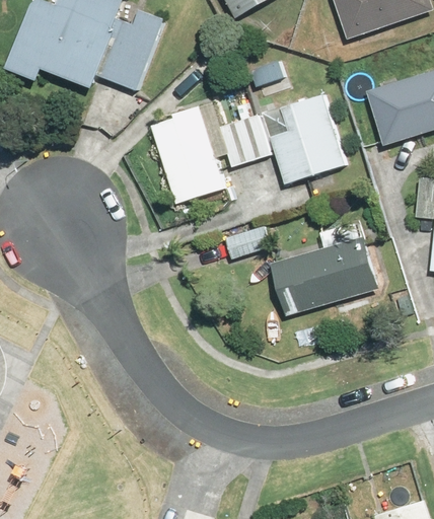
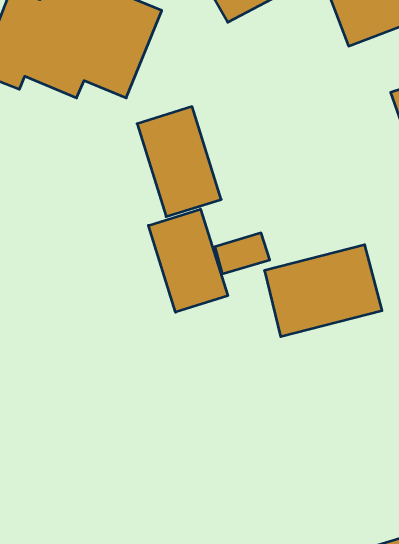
building: [217,90,348,183] -> none
building: none -> [148,209,228,312]

